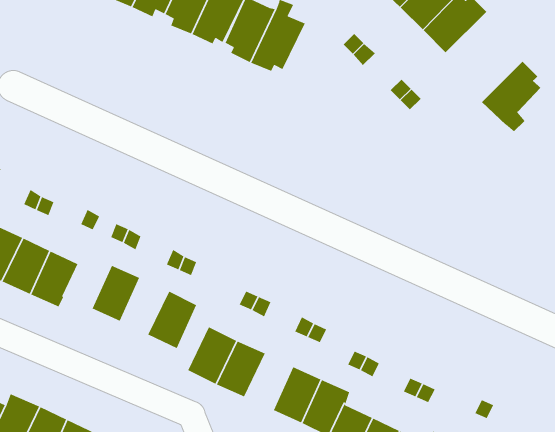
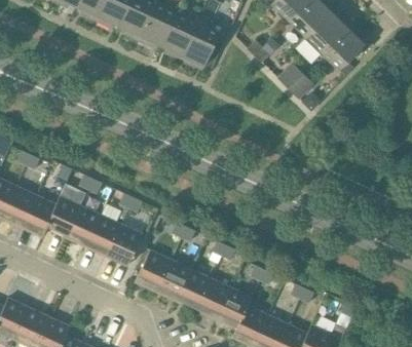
building: [481,61,541,132] -> [322,24,365,75]
building: none -> [46,195,81,237]
building: none -> [87,215,122,256]
building: none -> [177,269,212,310]

